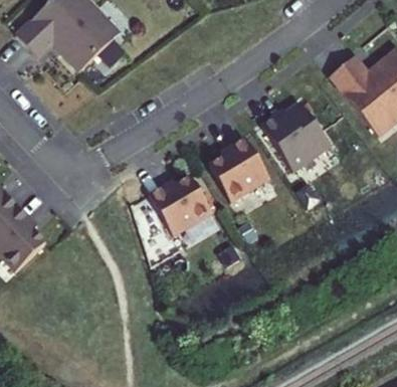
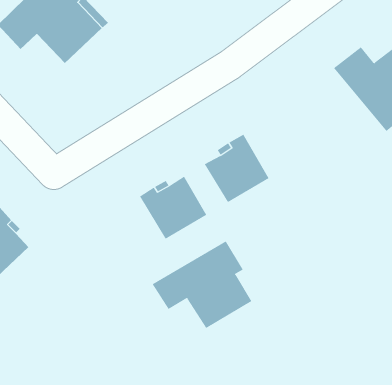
building: [260,102,330,170] -> none
building: none -> [152,240,252,329]

